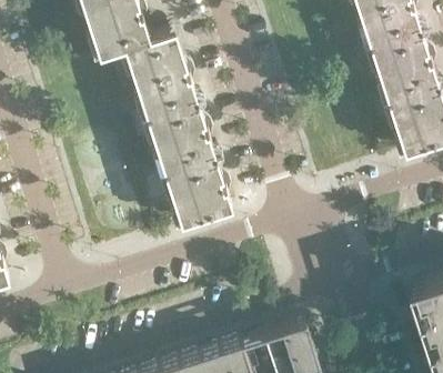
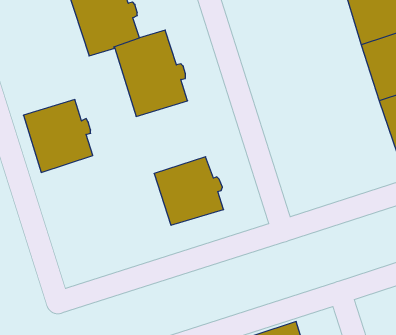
building: [144,102,213,174] -> [23,100,93,172]

